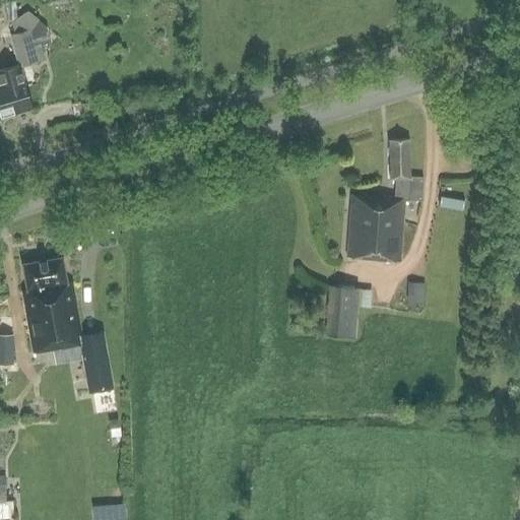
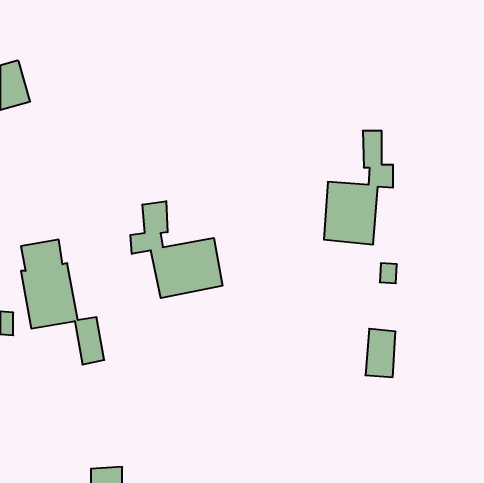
building: [11,12,40,67] -> none
building: none -> [130,201,222,298]
building: [326,286,359,338] -> [365,329,396,377]

